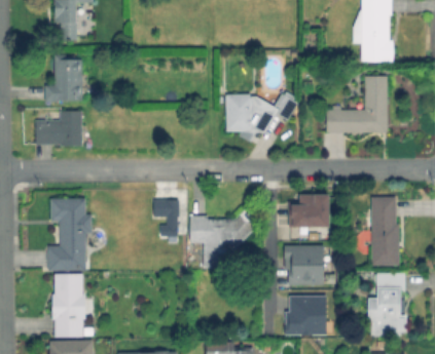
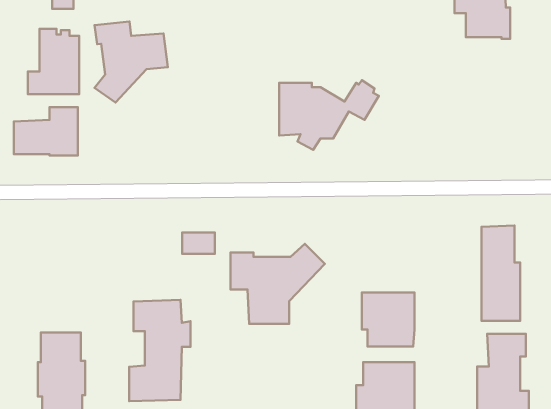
building: none -> [95,21,168,103]
building: [327,76,388,132] -> none
building: [289,194,330,227] -> none
building: [48,198,93,271] -> [129,300,191,401]

